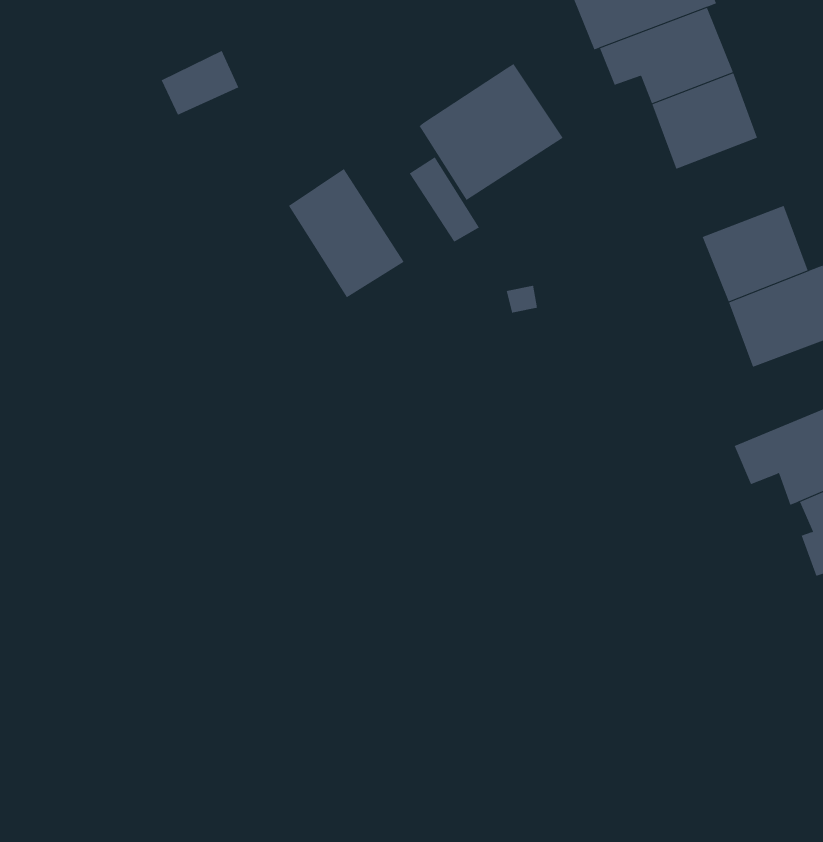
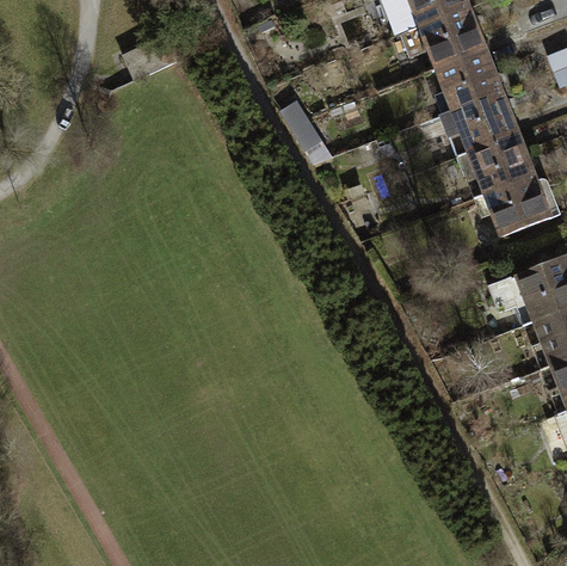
building: [419,63,564,201] -> none
building: none -> [440,91,520,154]
building: [288,168,405,298] -> none

